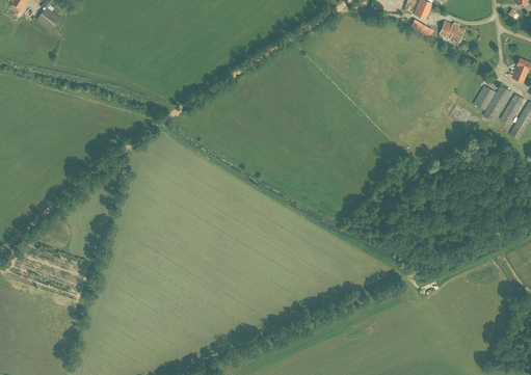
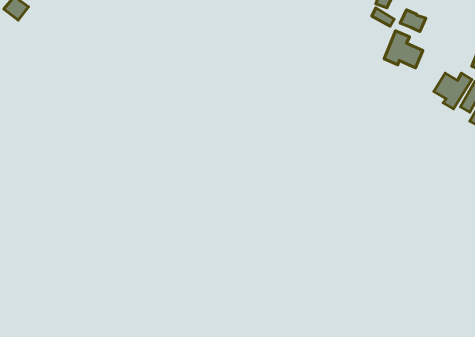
building: none -> [384,31,423,68]

